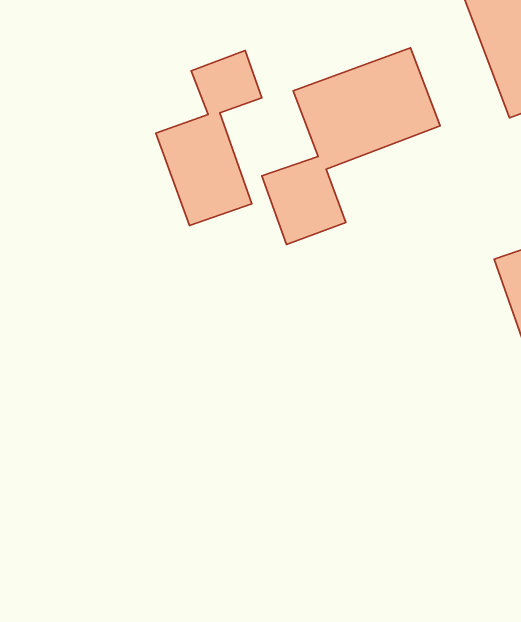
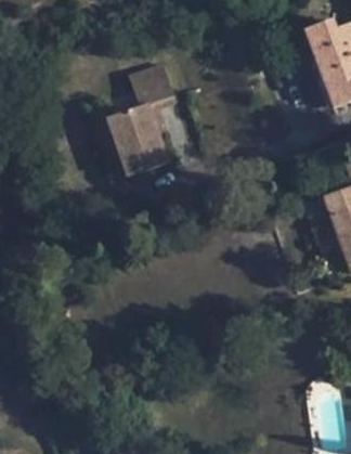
building: [262,48,440,245] -> none

